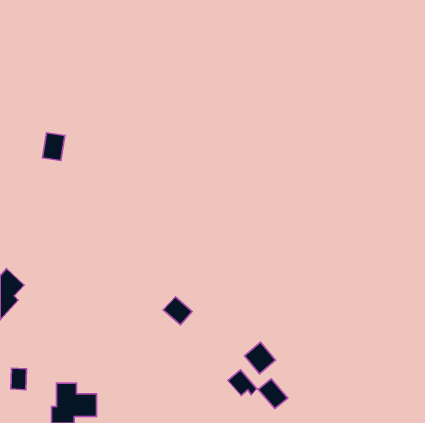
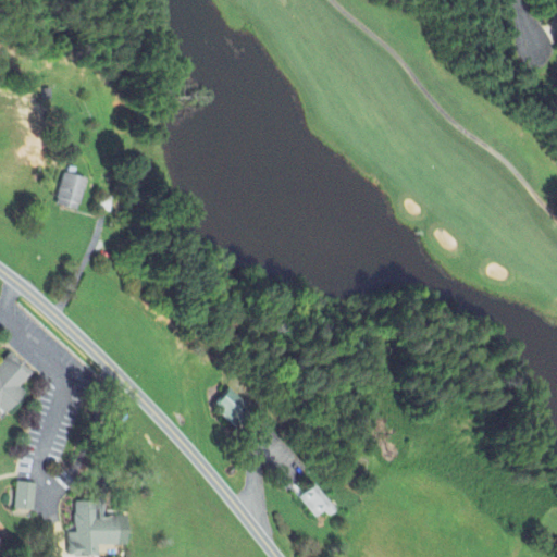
building: [245,342,275,374] -> none
building: [258,379,288,409] -> none

